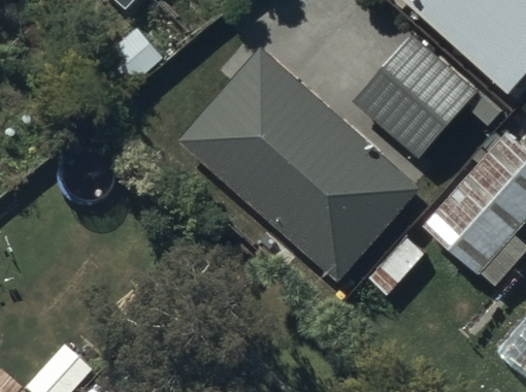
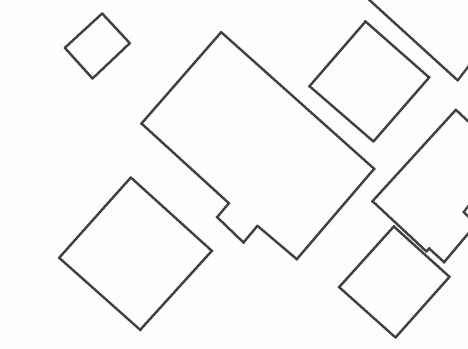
building: none -> [59,178,212,330]
building: none -> [339,226,449,337]

